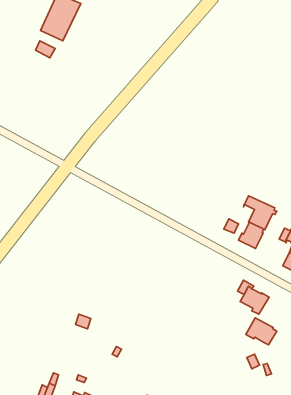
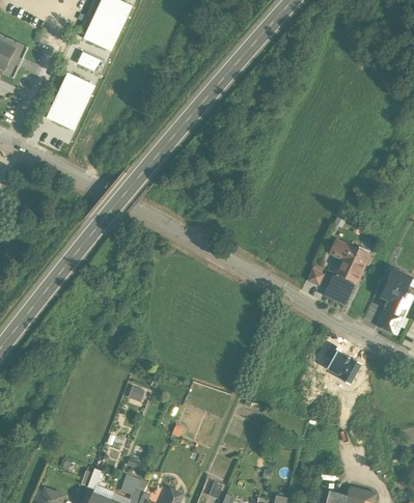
building: none -> [46,72,94,130]
building: [246,318,277,345] -> none

